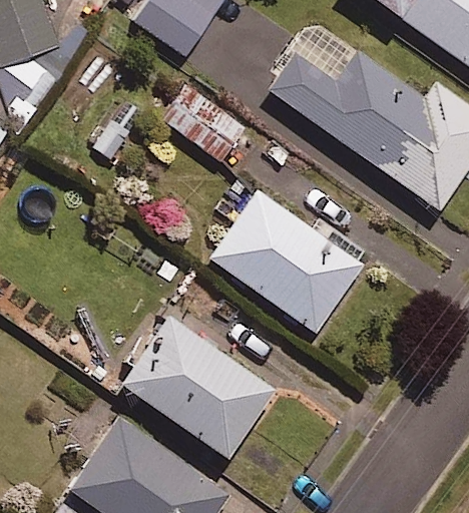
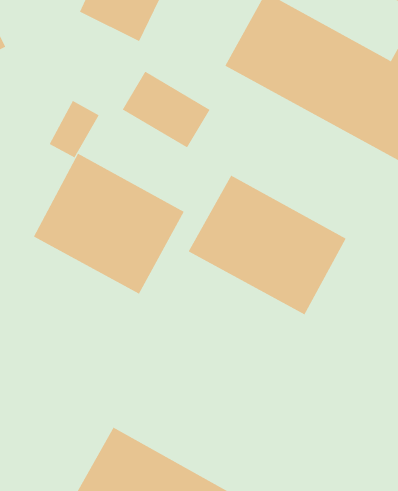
building: none -> [33,153,185,295]
building: [121,318,274,459] -> none

